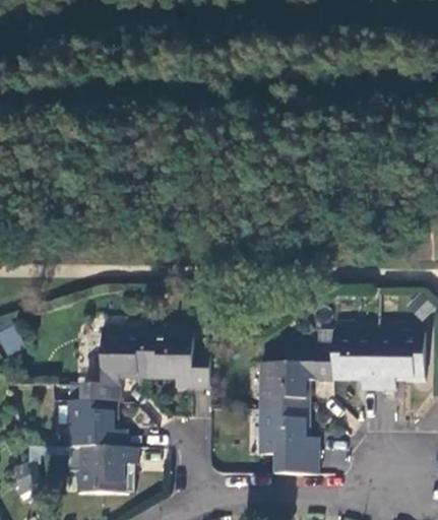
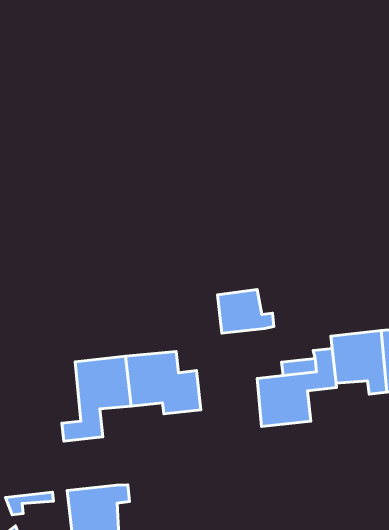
building: none -> [218,289,274,333]
building: [70,401,126,447] -> none
building: [262,409,319,475] -> none

